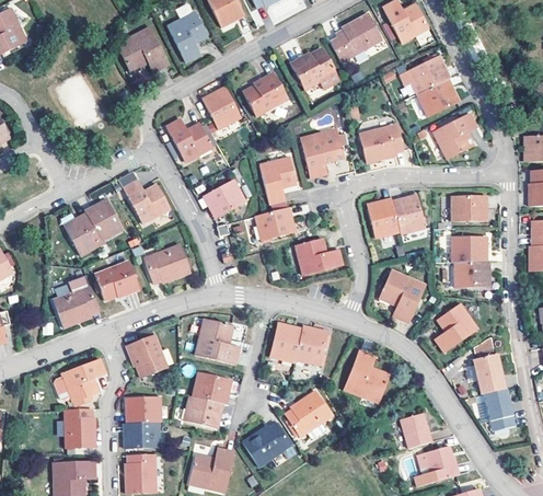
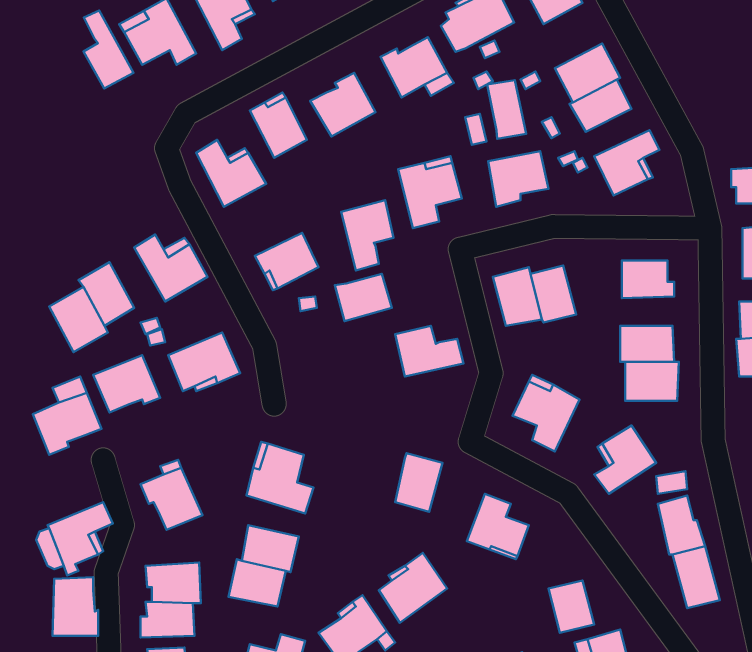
building: none -> [84,10,134,89]
building: none -> [487,80,526,139]
building: [274,324,304,364] -> none

